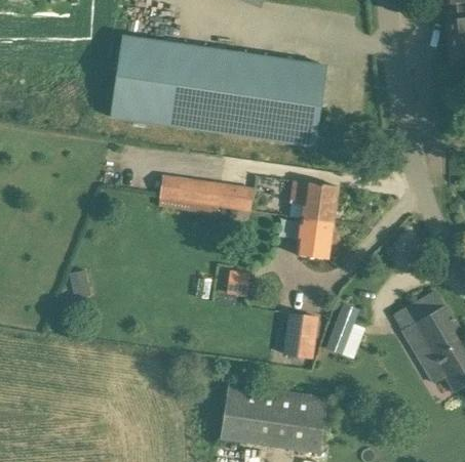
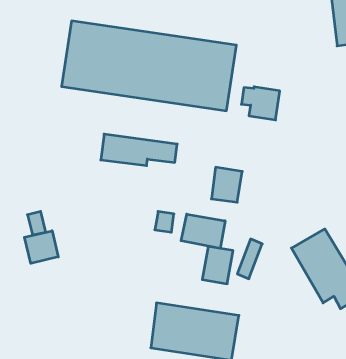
building: [290,180,338,221] -> [241,87,280,120]
building: none -> [181,214,225,248]
building: none -> [24,231,58,263]

